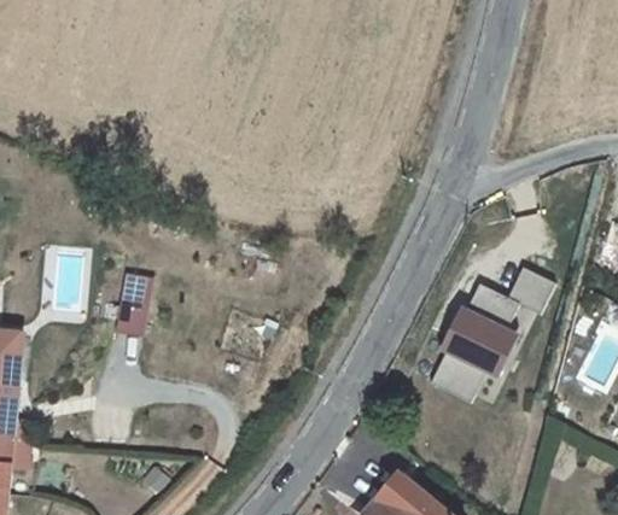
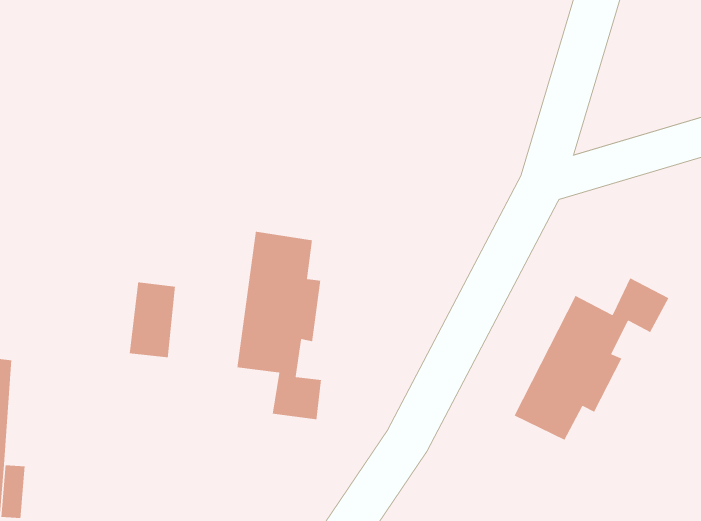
building: none -> [237,231,322,420]

